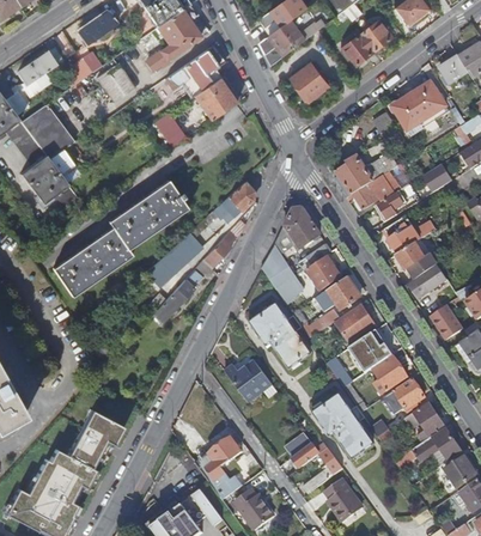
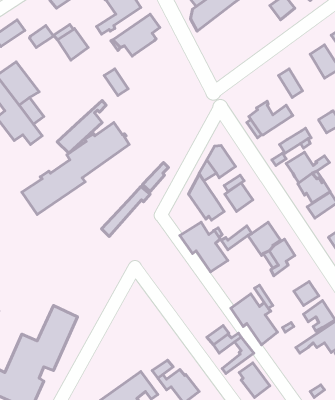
building: [343,34,376,66] -> none
building: [292,63,330,102] -> none
building: [194,78,236,120] -> none
building: [391,95,431,138] -> none
building: [354,171,402,211] -> none
building: [213,181,254,221] -> none
building: [146,219,207,285] -> [57,101,106,153]
building: [316,276,361,310] -> none
building: [372,354,407,390] -> none
building: [227,363,274,404] -> none
building: [195,436,240,487] -> none

